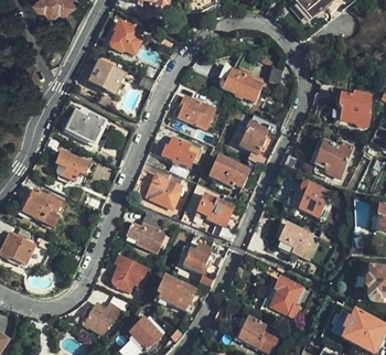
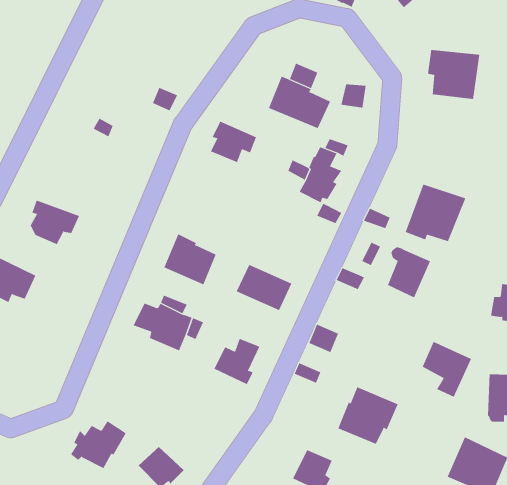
building: [106,20,141,54] -> none
building: [93,60,124,92] -> none
building: [339,92,375,126] -> [427,50,480,99]
building: [64,112,104,142] -> none
building: [162,136,196,166] -> none
building: [212,154,251,185] -> none
building: [278,223,312,261] -> [422,341,472,397]
building: [109,254,150,291] -> none
building: [154,278,195,310] -> none

